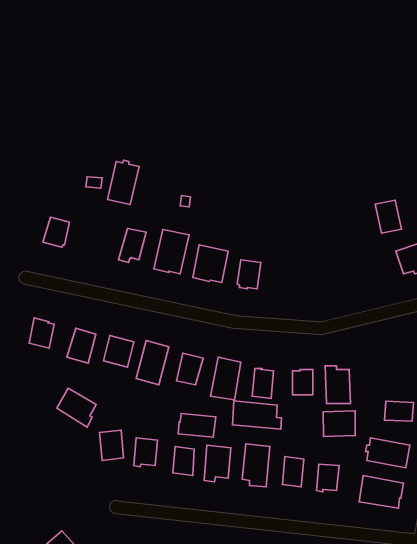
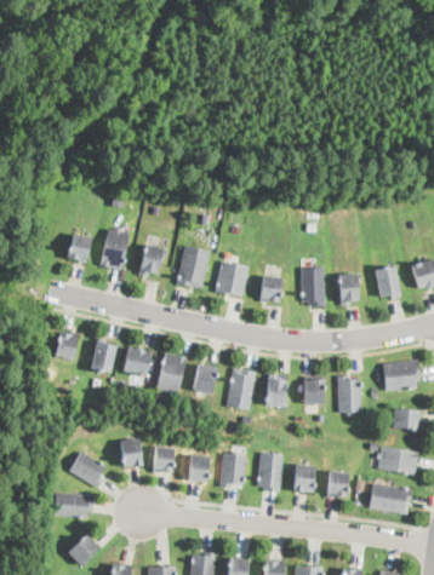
building: [108,160,139,204] -> [99,228,130,270]
building: [375,200,402,233] -> [369,266,394,298]
building: none -> [297,268,321,306]
building: none -> [332,272,353,306]
building: none -> [383,361,421,392]
building: [57,388,96,427] -> [67,450,104,488]
building: [233,401,281,429] -> none
building: [323,411,355,437] -> none
building: [178,413,216,437] -> none
building: none -> [47,493,90,517]

